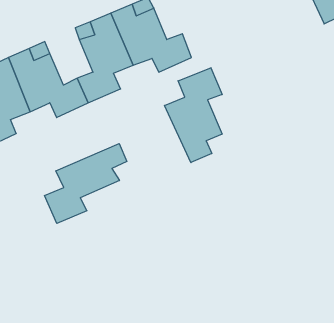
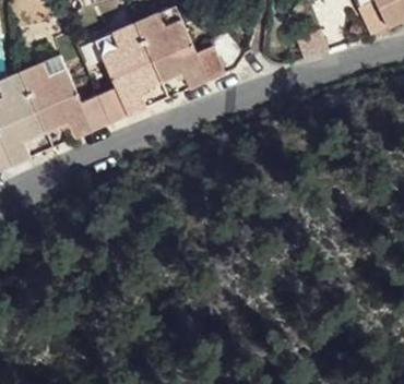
building: [165,68,222,163] -> none
building: [45,144,127,223] -> none

